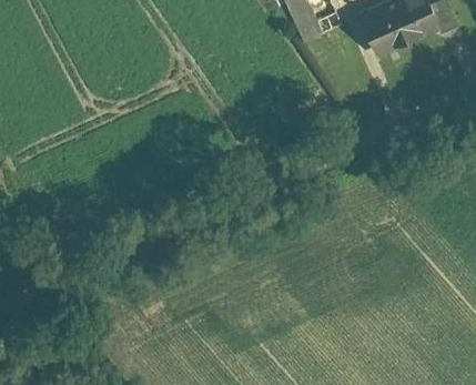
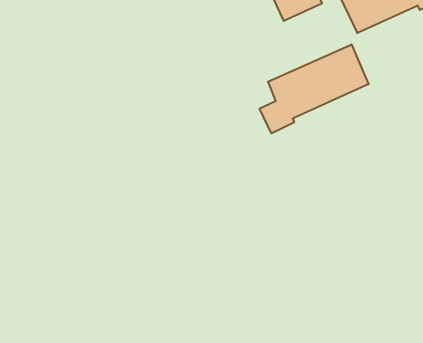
building: none -> [260,44,369,133]

